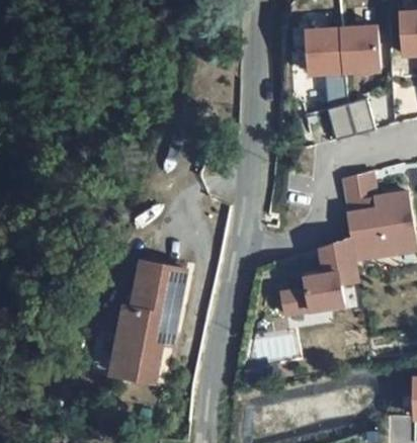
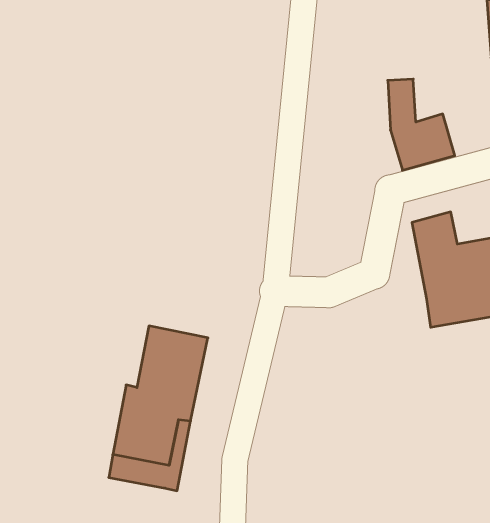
building: [304,27,376,77] -> none
building: [281,240,357,316] -> none

